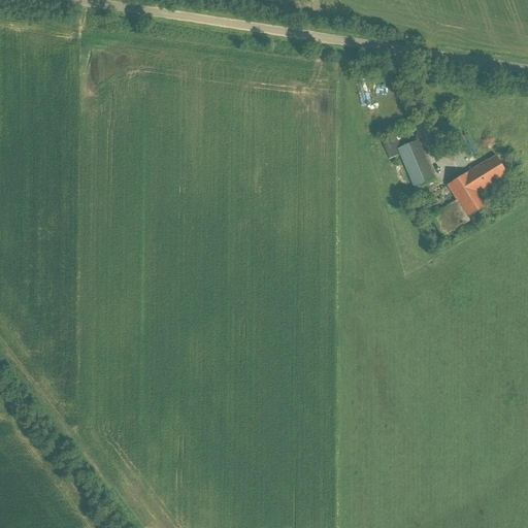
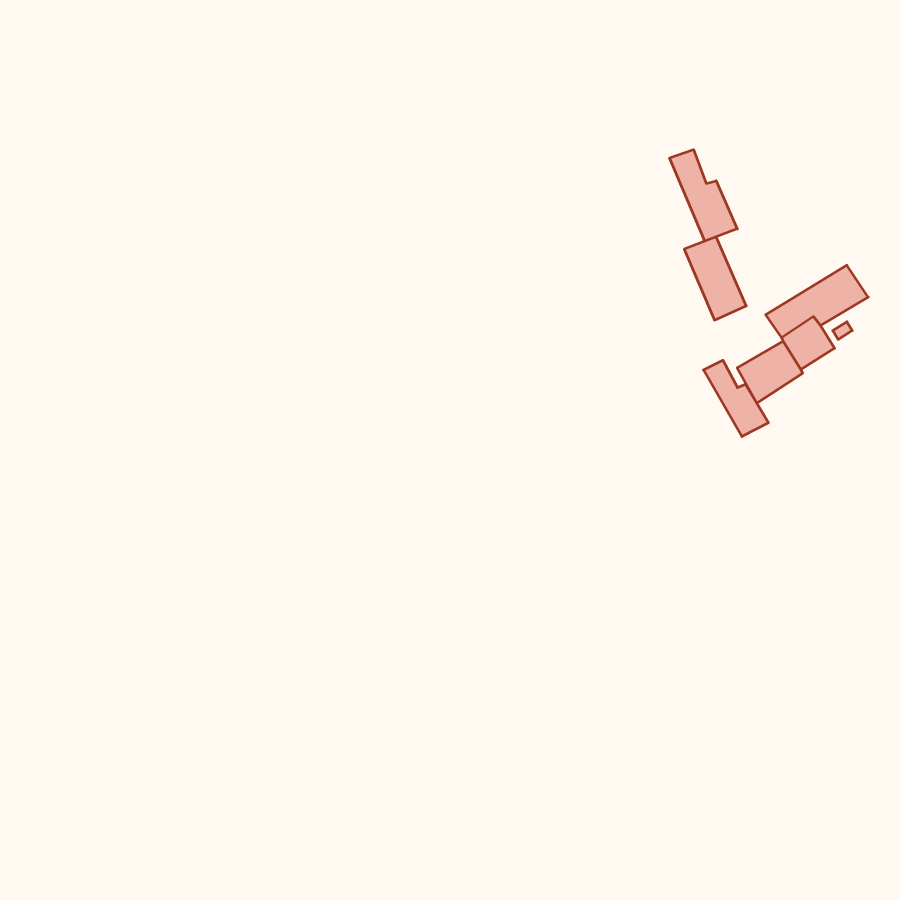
building: none -> [670,150,737,241]
building: none -> [703,360,768,437]

